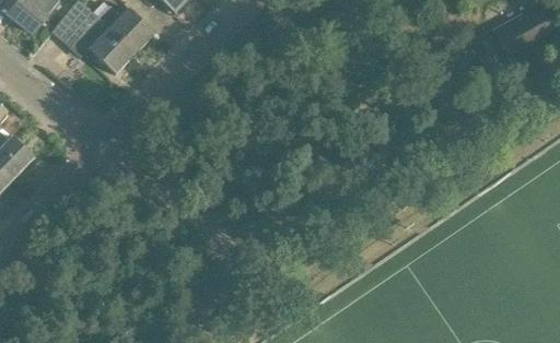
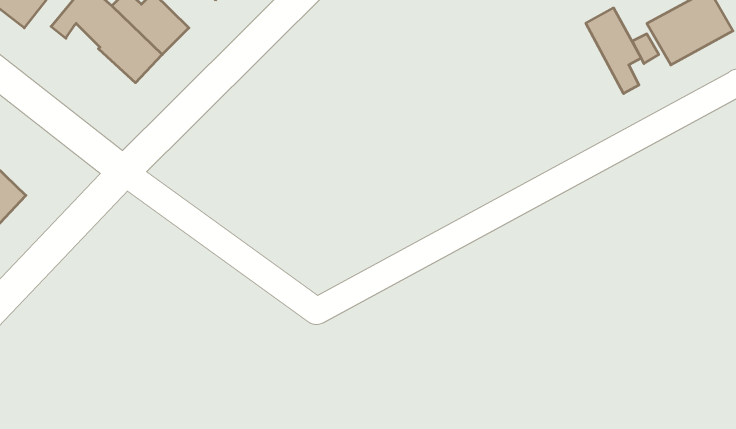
building: none -> [586,8,641,94]

